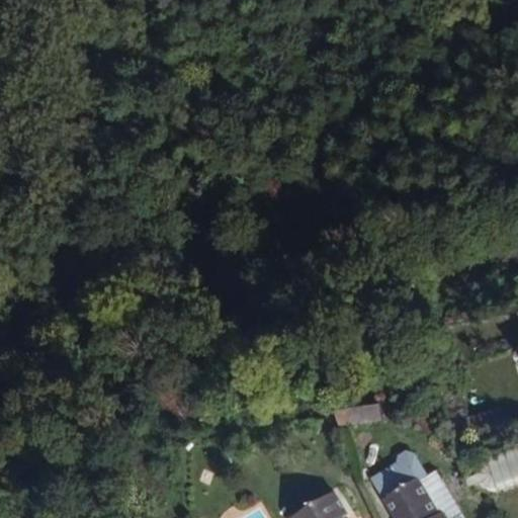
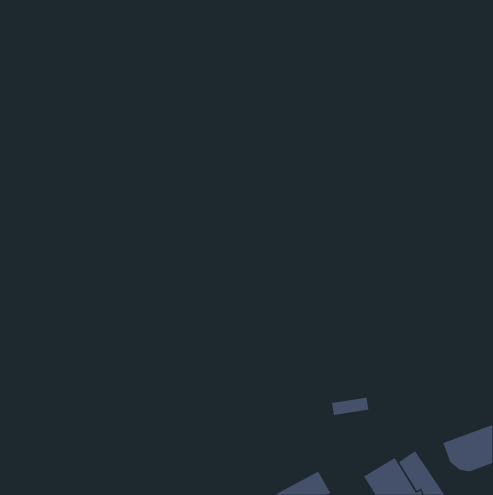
building: [366,447,428,498] -> none

